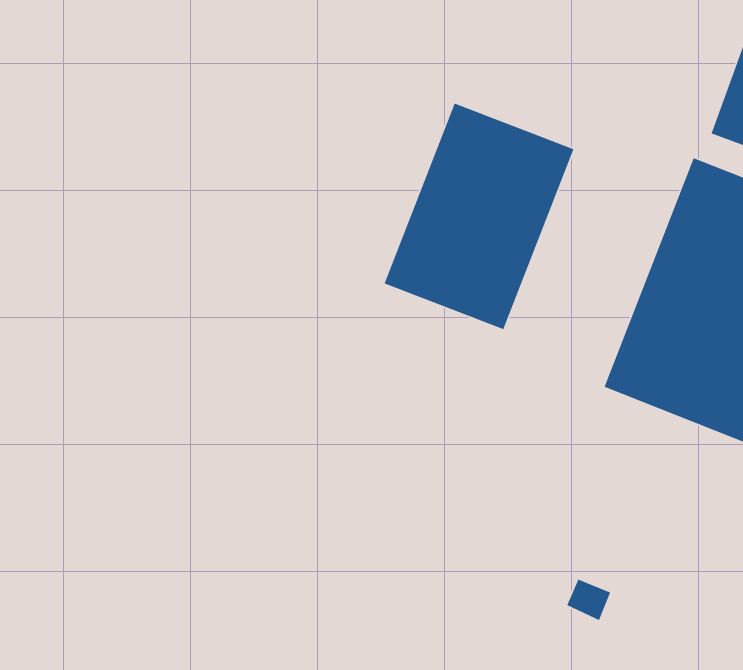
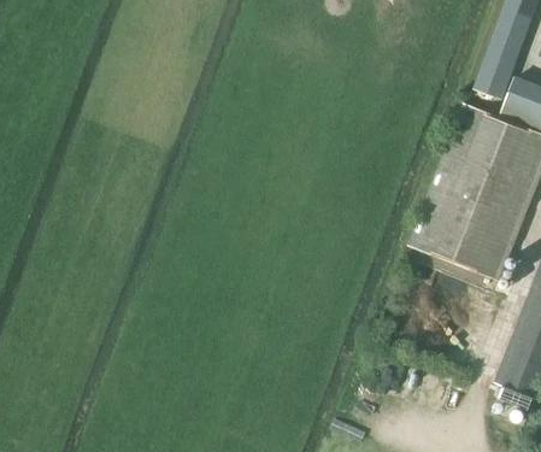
building: [384,103,574,330] -> none

